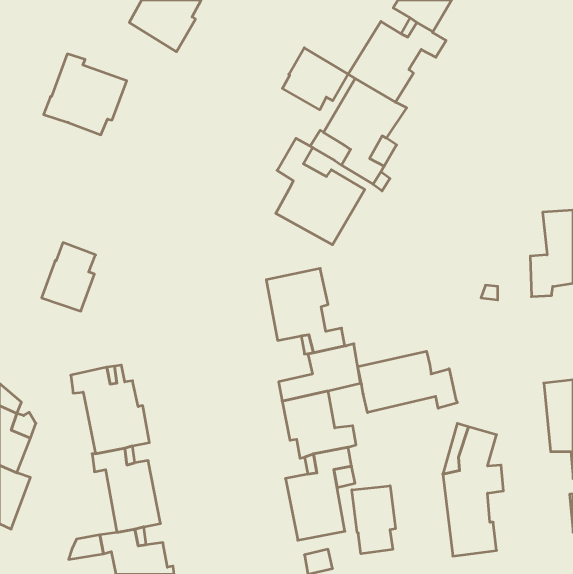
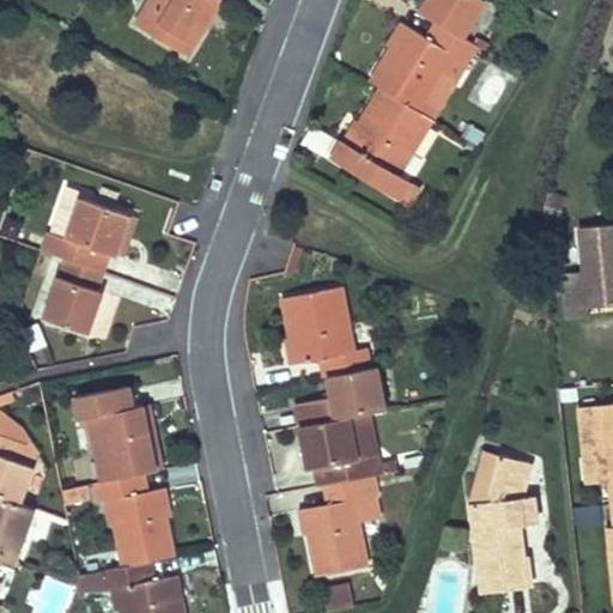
building: [282,48,348,110] -> none
building: [44,54,127,135] -> [41,186,129,272]
building: [276,138,365,245] -> none
building: [358,351,457,413] -> none
building: [352,486,395,554] -> none

